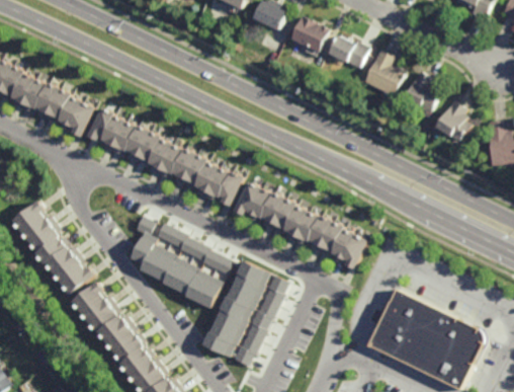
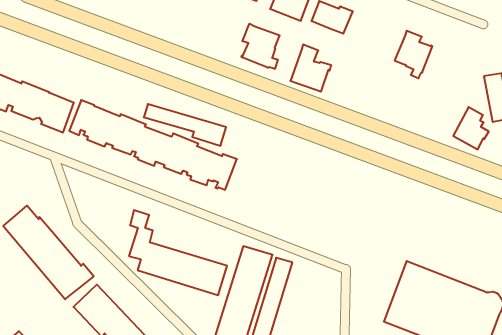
building: [362,48,403,94] -> [290,45,331,92]
building: none -> [242,24,280,69]
building: [434,99,468,141] -> [453,107,489,149]
building: [233,182,365,269] -> none
building: [155,228,233,275] -> [144,104,226,146]

